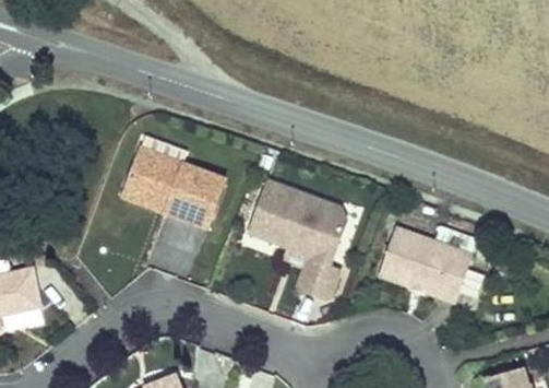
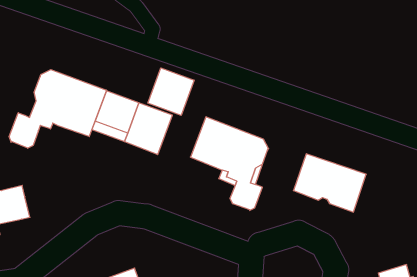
building: none -> [148,68,194,115]
building: none -> [9,70,106,148]

